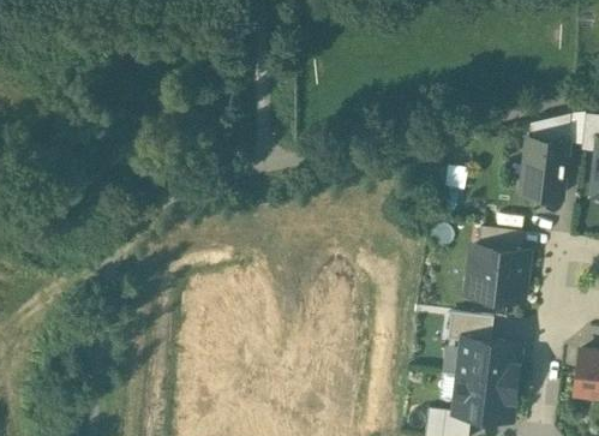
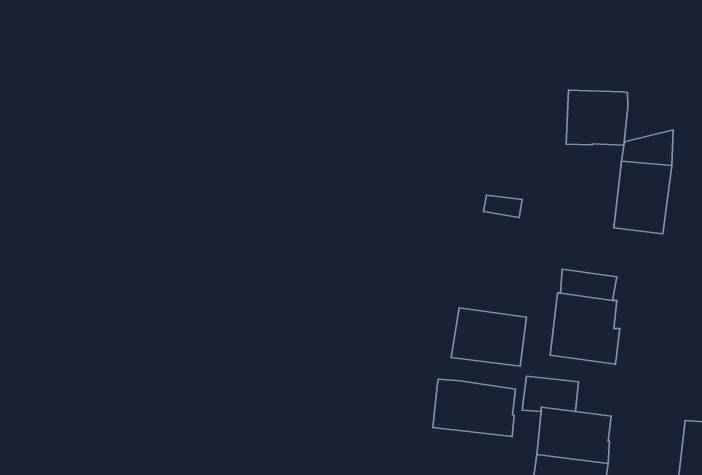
building: none -> [566,90,628,145]
building: none -> [451,308,527,366]
building: none -> [433,379,516,437]

